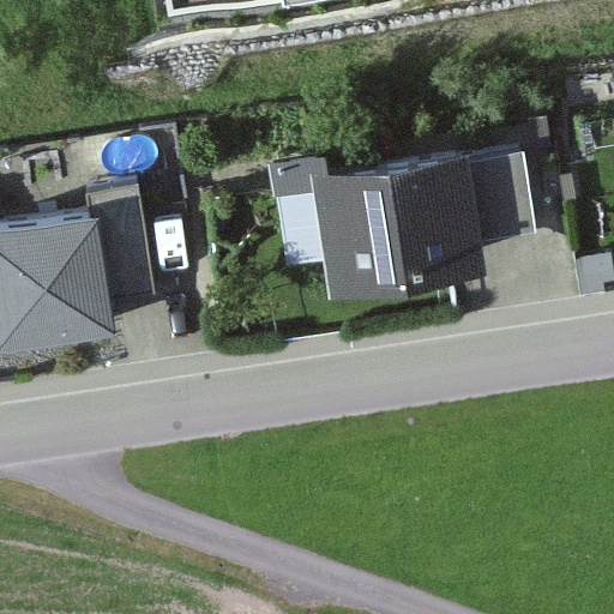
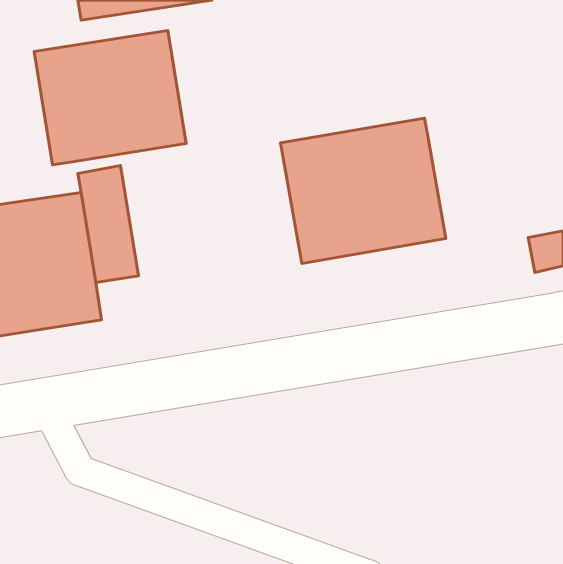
building: none -> [34,30,186,165]
building: [456,149,524,246] -> none

